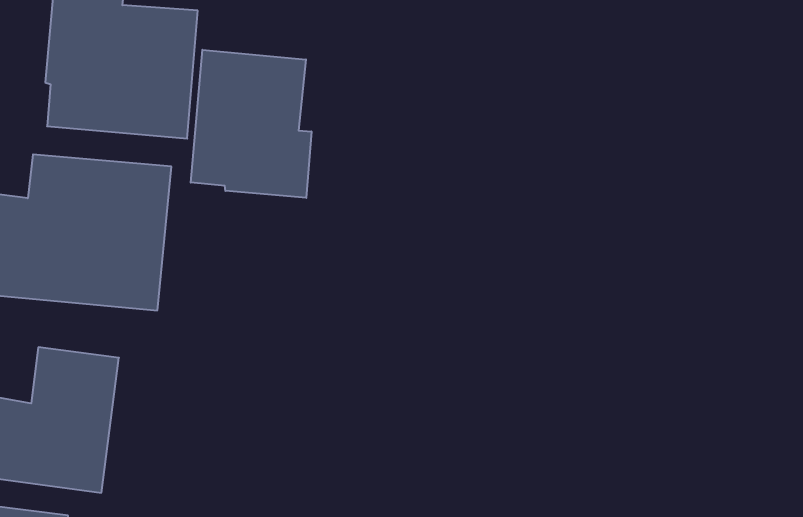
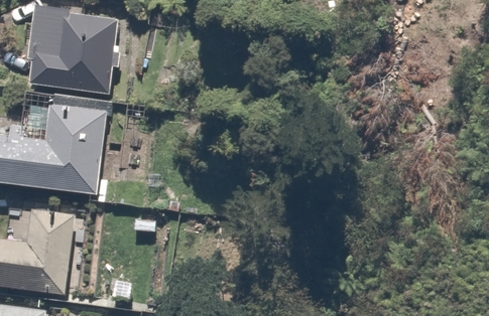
building: [191,50,311,198] -> none

